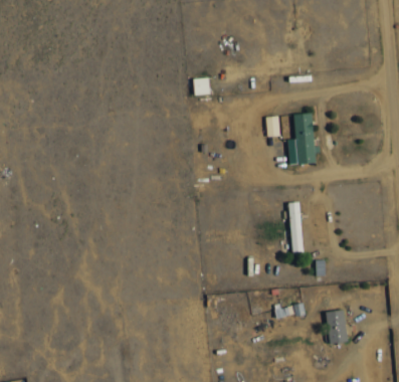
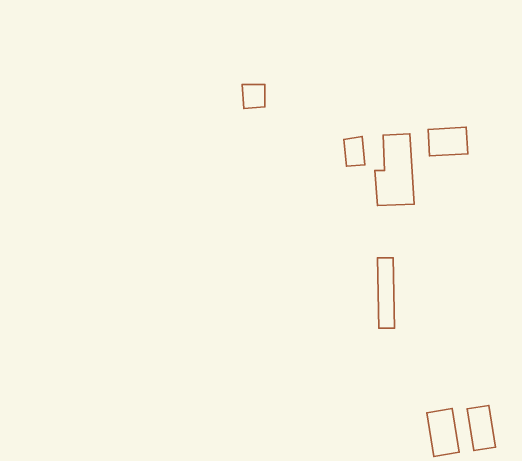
building: none -> [428,127,468,156]
building: none -> [467,406,496,450]

